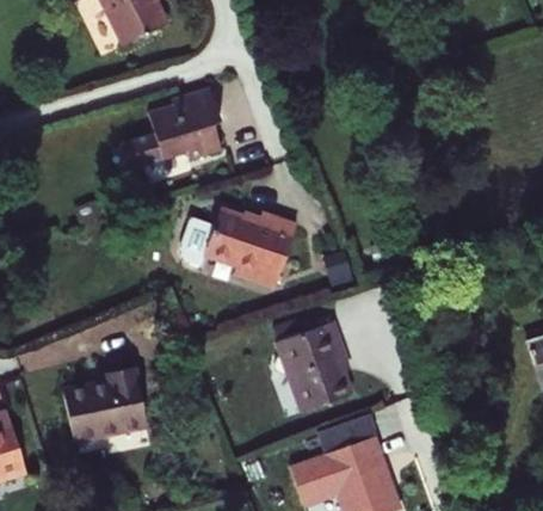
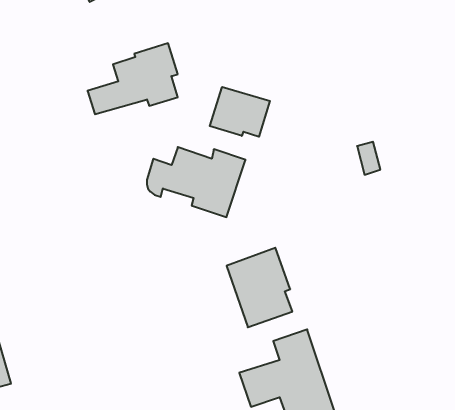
building: none -> [210,87,270,137]
building: [70,373,153,444] -> none

